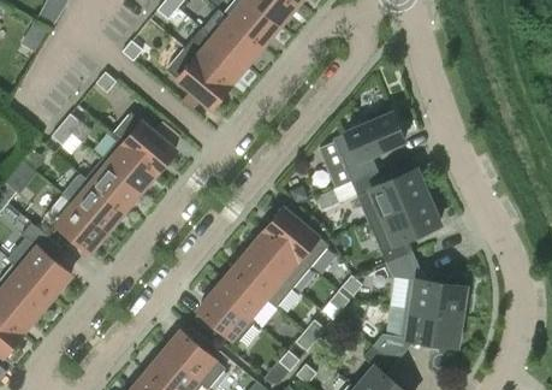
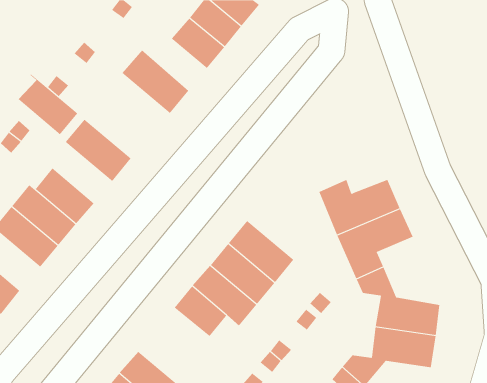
building: [185,29,247,87] -> none
building: [332,113,404,182] -> none
building: [101,135,158,193] -> [18,74,78,135]
building: [198,290,255,343] -> none

